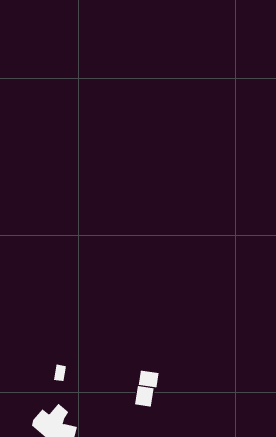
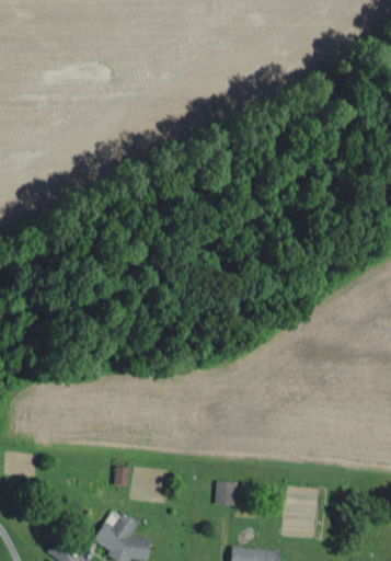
building: [138,370,159,388] -> none

